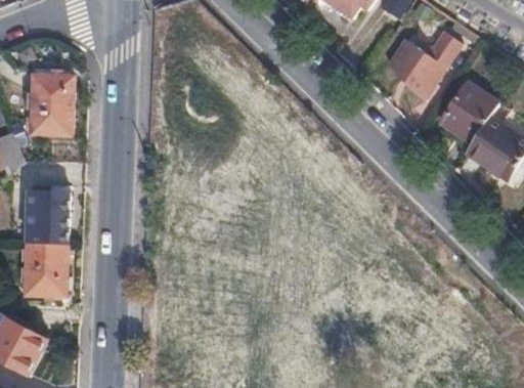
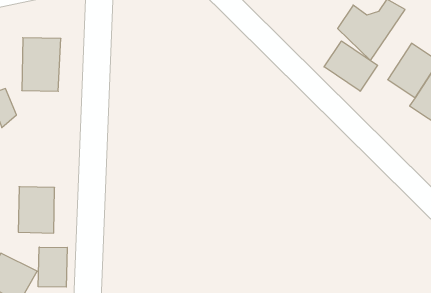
building: none -> [324,41,378,91]
building: [27,190,69,244] -> none
building: none -> [38,247,67,287]

